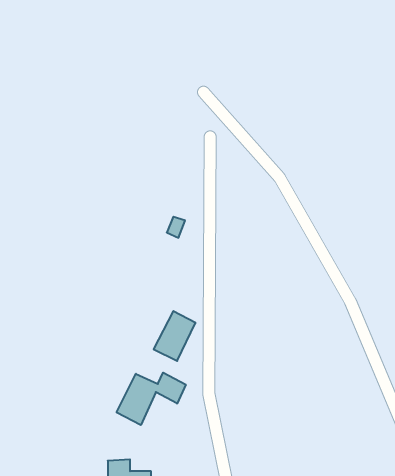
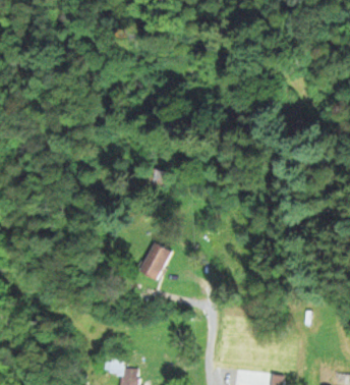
building: [117,373,186,425] -> none

